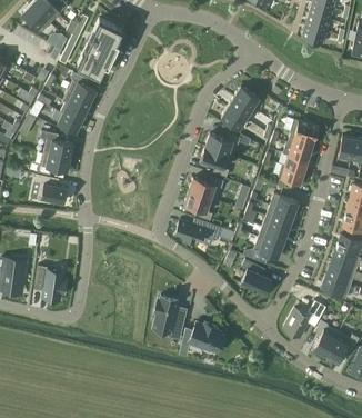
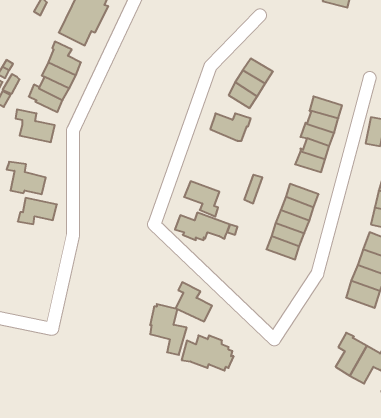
building: [200,147,229,177] -> none
building: [37,152,70,175] -> [18,198,57,224]
building: [189,177,223,201] -> none
building: [240,260,271,293] -> [176,282,212,321]
building: [34,266,67,300] -> none
building: [283,300,325,337] -> none

